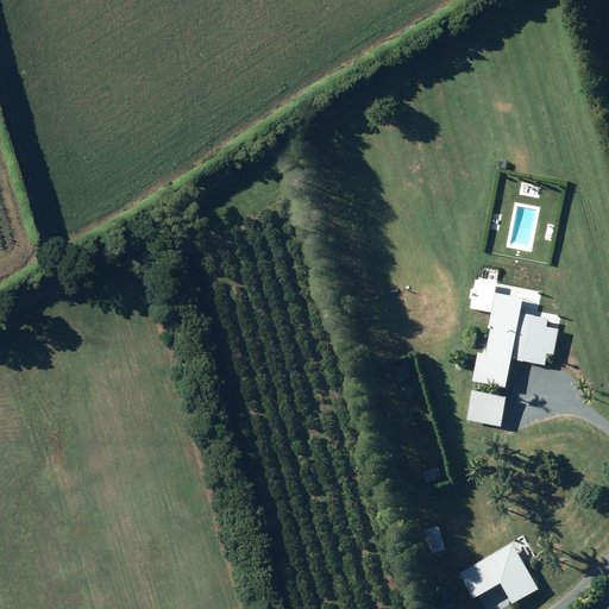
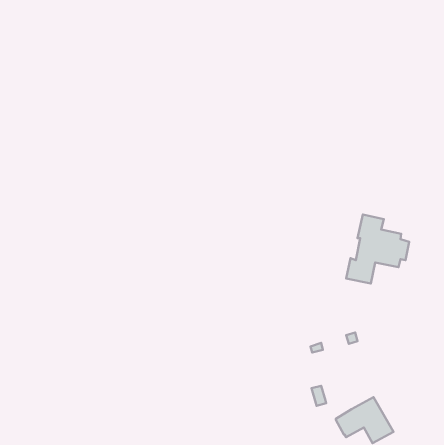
building: [466,390,507,426] -> none

